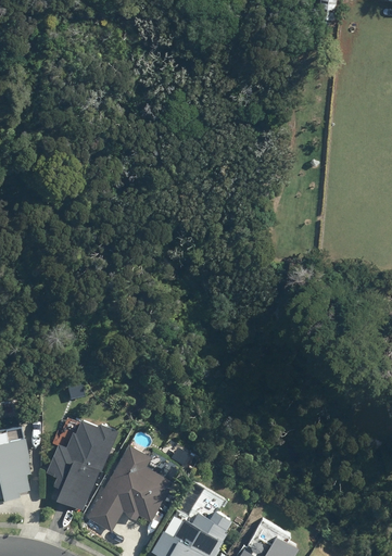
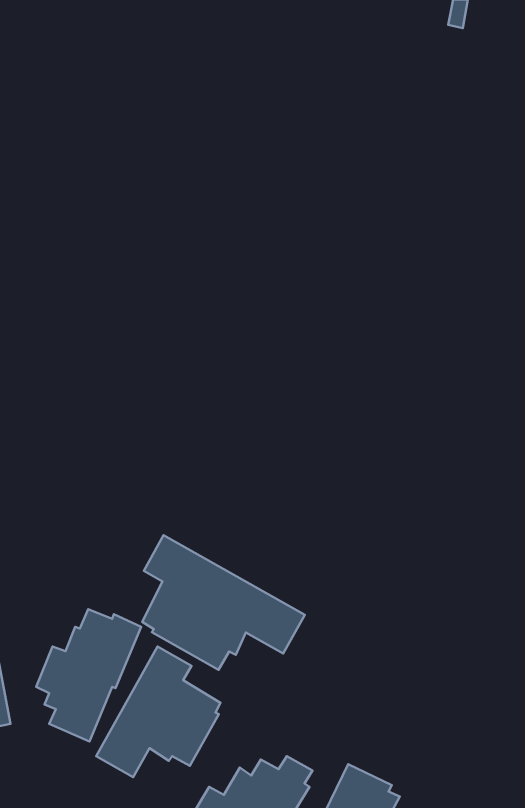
building: none -> [142,535,305,670]

